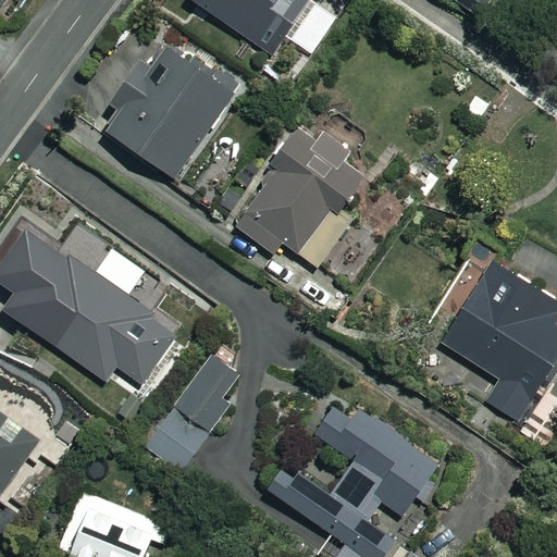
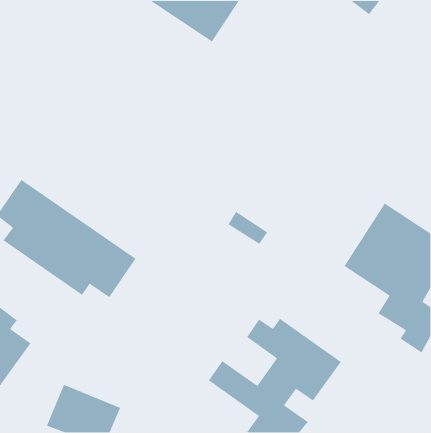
building: [104,50,235,177] -> none
building: [231,127,380,267] -> none
building: [144,354,243,479] -> none

